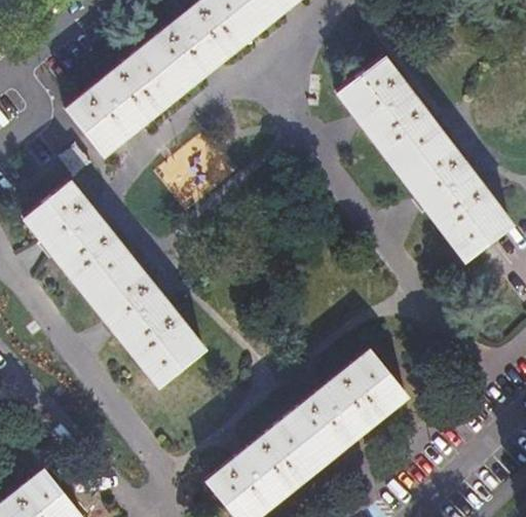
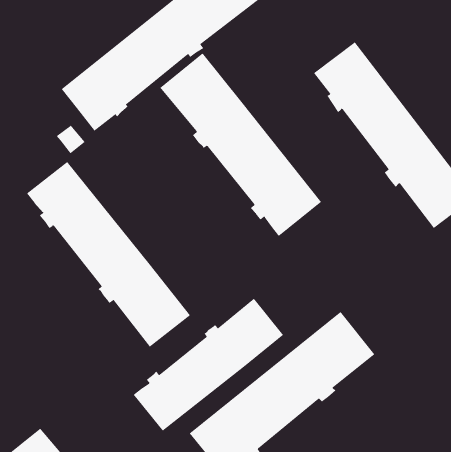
building: none -> [160,53,322,237]
building: none -> [133,298,284,432]

